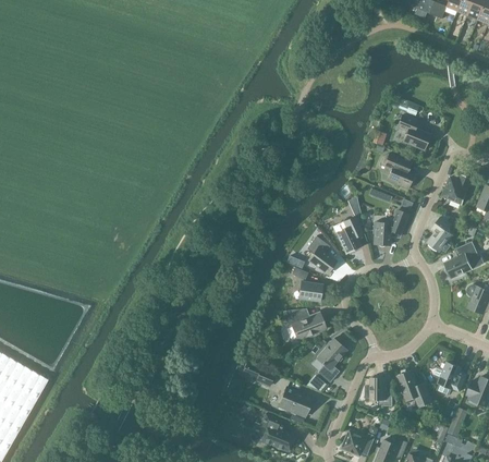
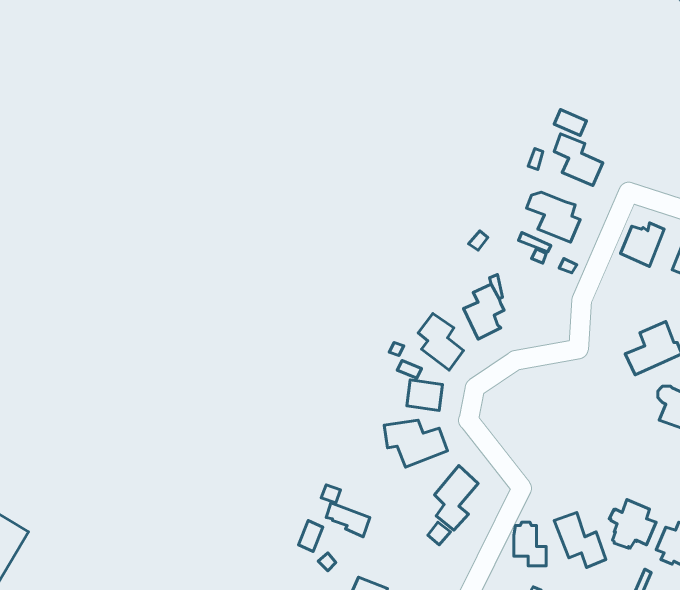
building: [372,210,408,244] -> none
building: [427,216,453,252] -> none
building: [279,387,313,416] -> none

